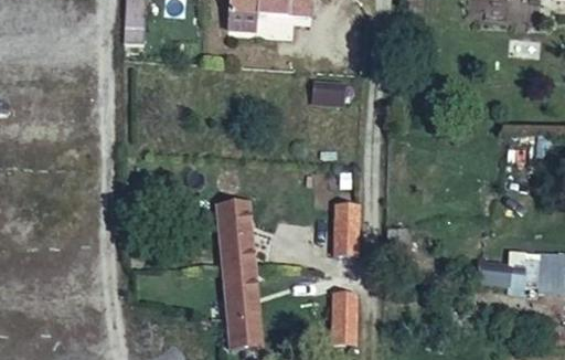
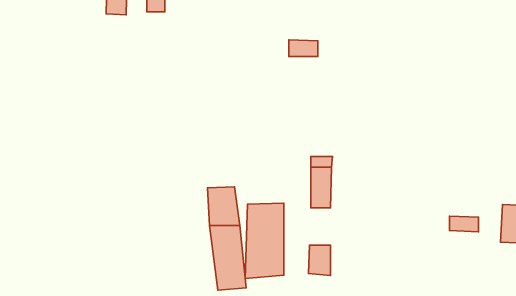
building: [220,201,252,236] -> none
building: none -> [245,203,284,279]

